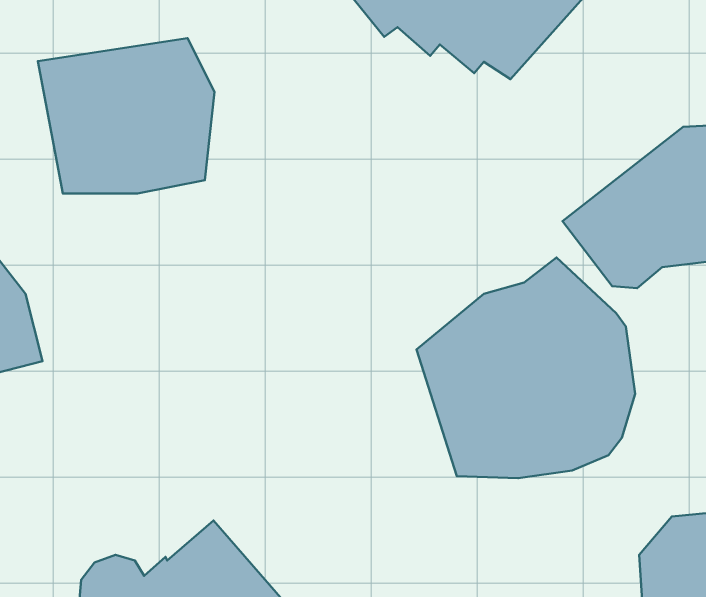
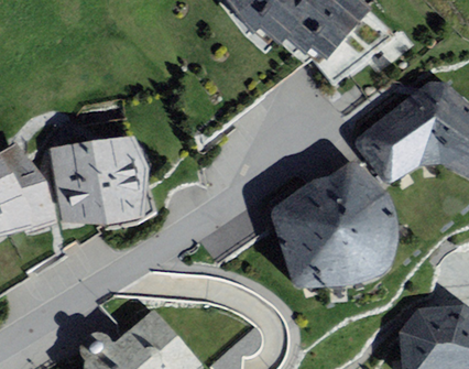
building: [38,38,214,194] -> [48,135,150,225]

